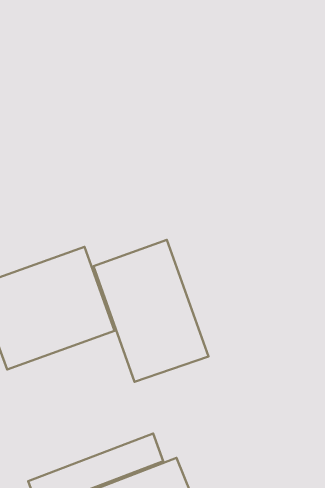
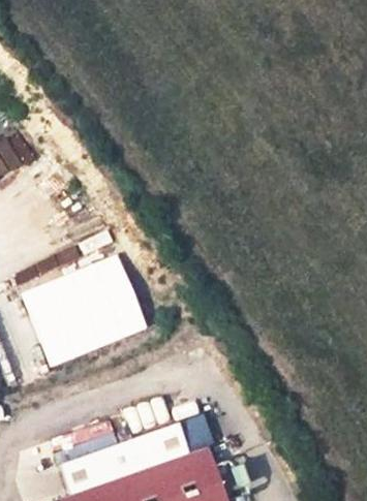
building: [94,240,209,382] -> none

